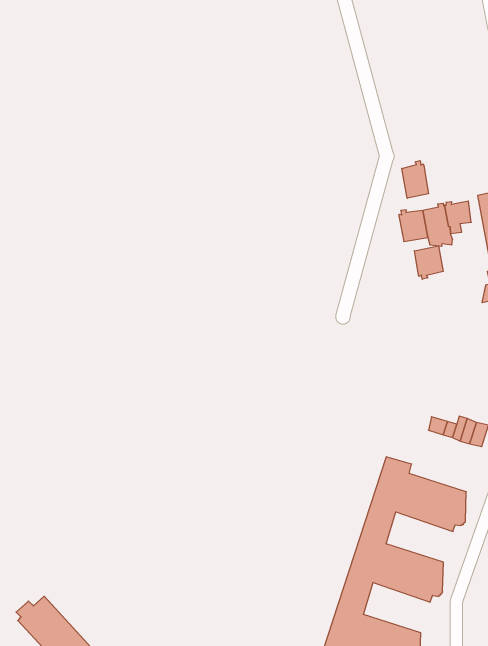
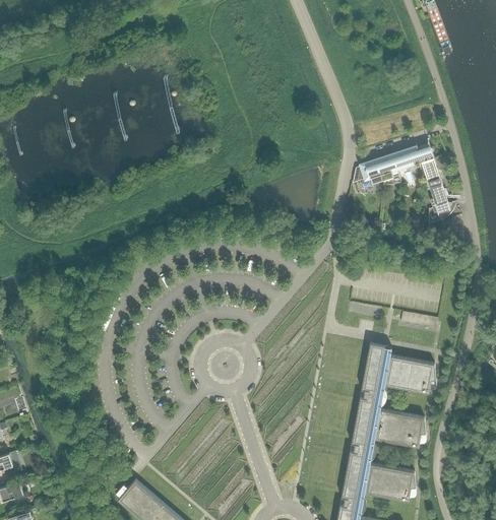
building: [402,161,428,198] -> none
building: [414,246,443,279] -> none

